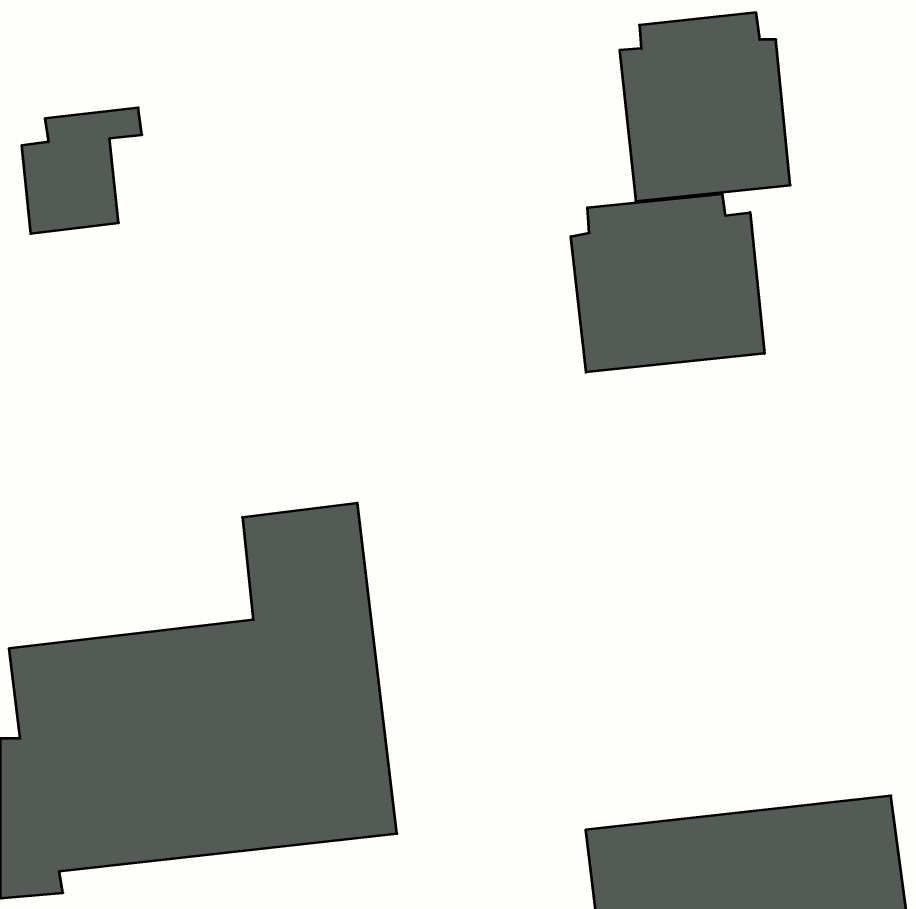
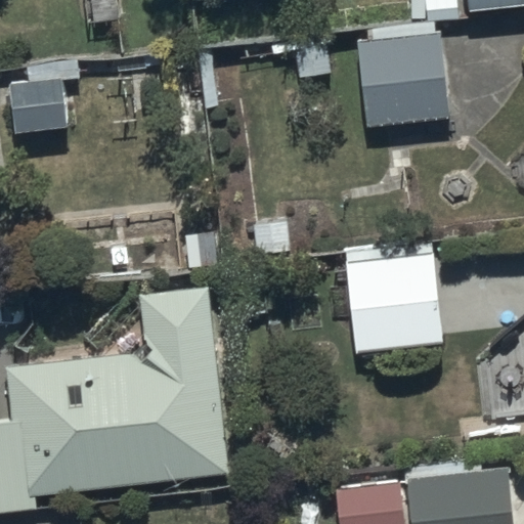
building: [571,194,764,372] -> none
building: none -> [341,238,440,349]

